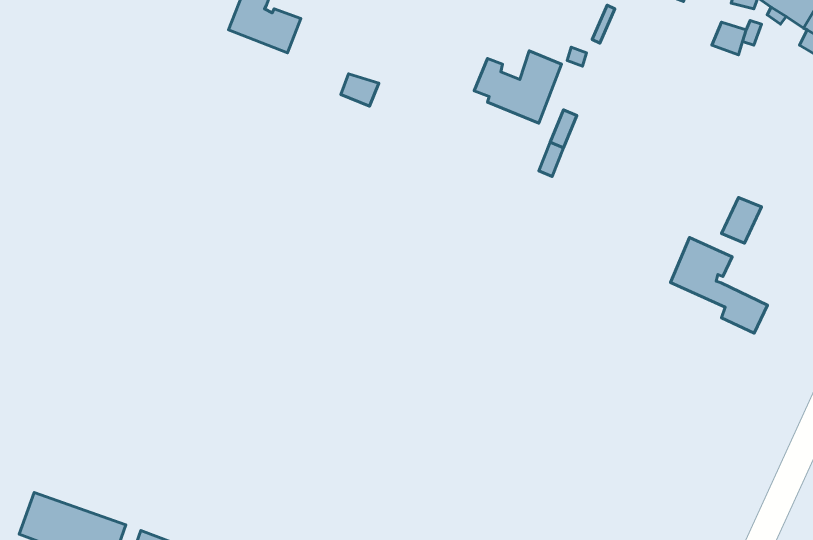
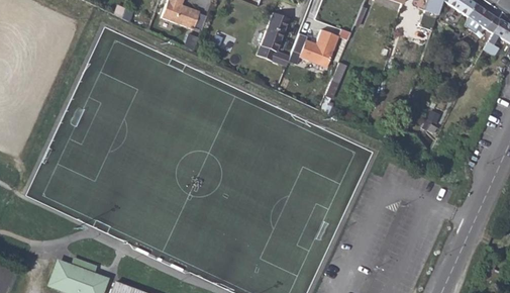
building: none -> [258,11,290,65]
building: [670,237,768,333] -> none

